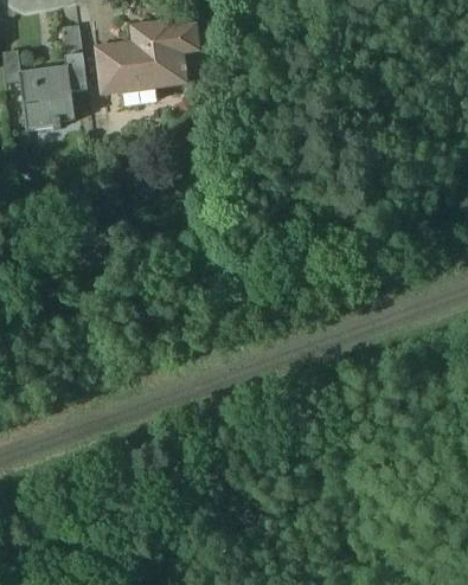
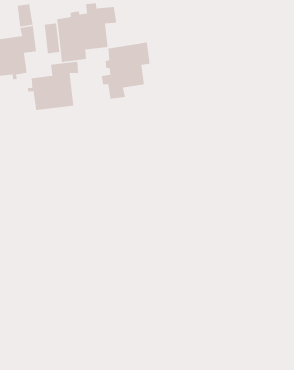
building: none -> [101,42,151,99]
building: none -> [27,61,79,111]

